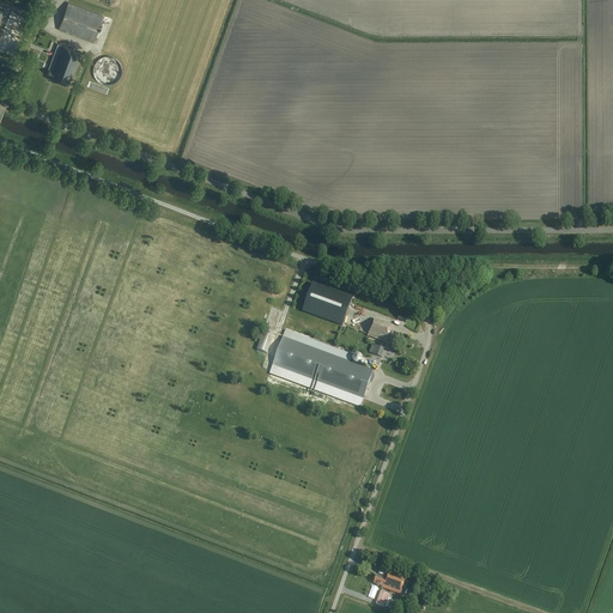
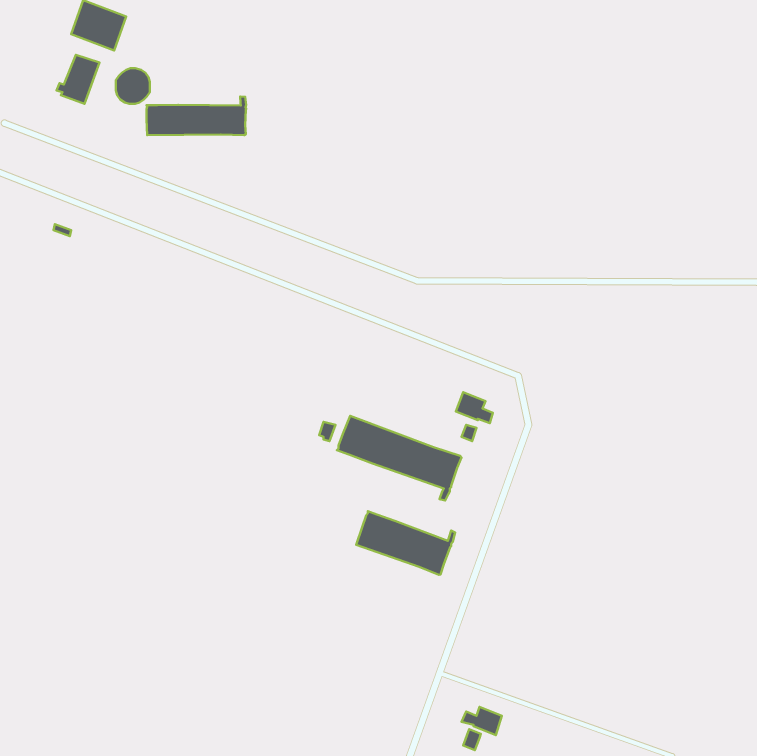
building: none -> [146,96,246,135]
building: [301,281,351,326] -> none
building: none -> [356,511,455,575]

